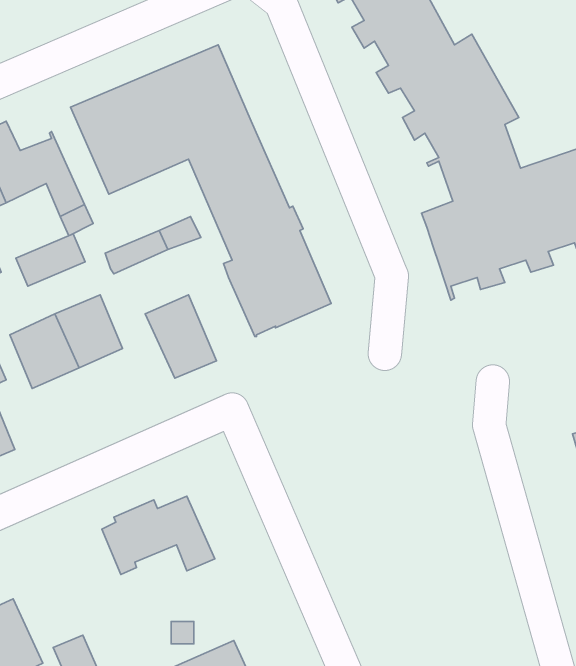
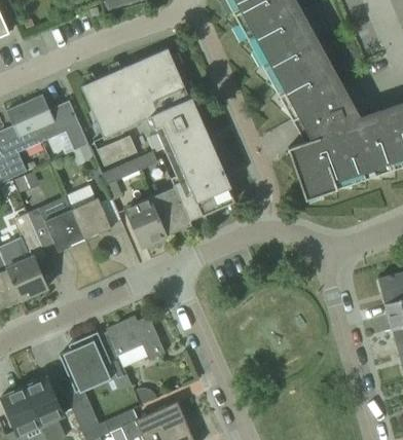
building: [16,234,85,286] -> [97,135,138,166]
building: none -> [150,186,191,235]
building: none -> [60,331,126,392]

